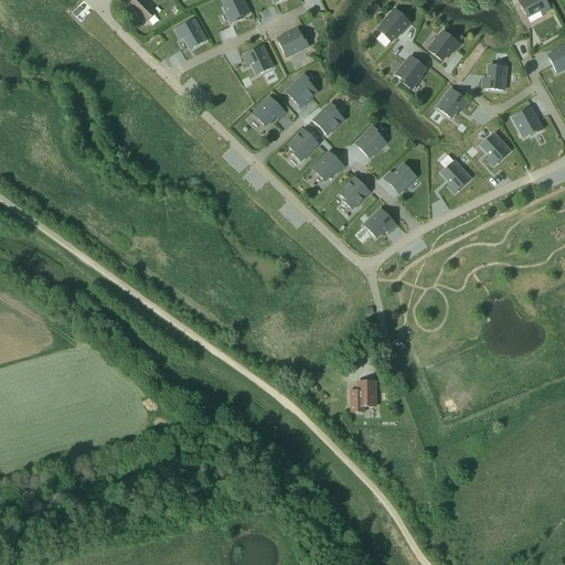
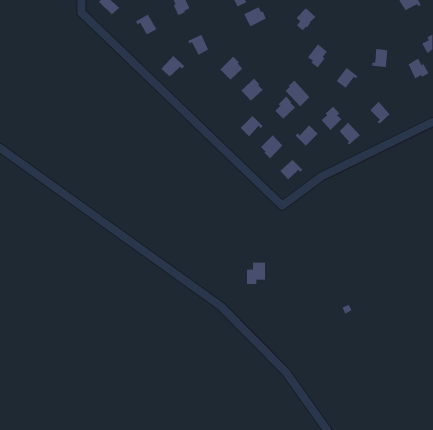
building: [277,28,308,55] -> [243,6,267,27]
building: [431,31,462,61] -> none
building: [253,95,285,124] -> [160,55,185,77]
building: none -> [285,80,310,107]
building: [513,107,542,136] -> [407,57,429,79]
building: [287,128,318,159] -> none
building: none -> [320,106,342,131]
building: [350,380,375,409] -> [246,262,266,285]

